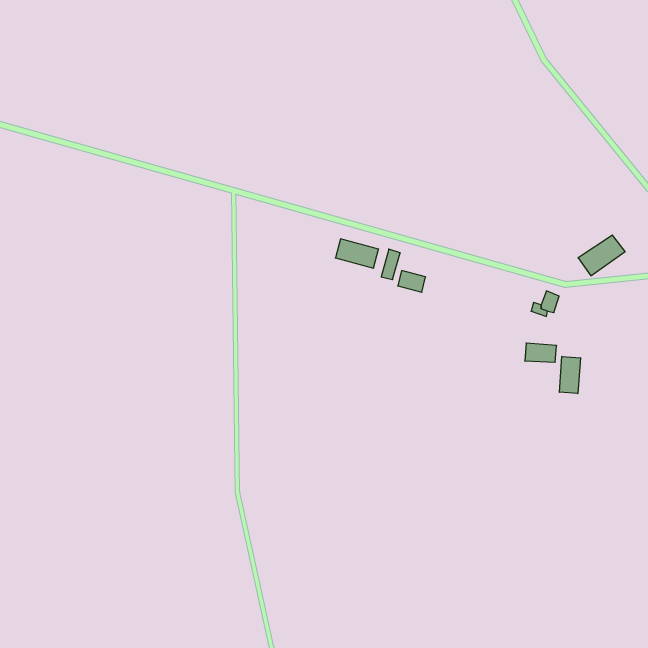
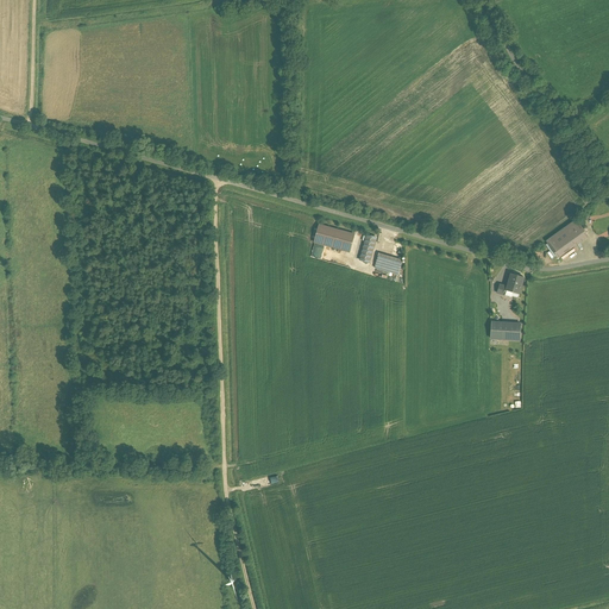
building: [559,356,580,394] -> none

